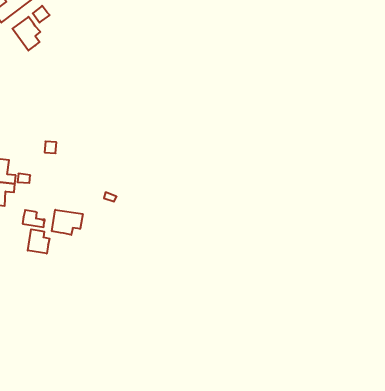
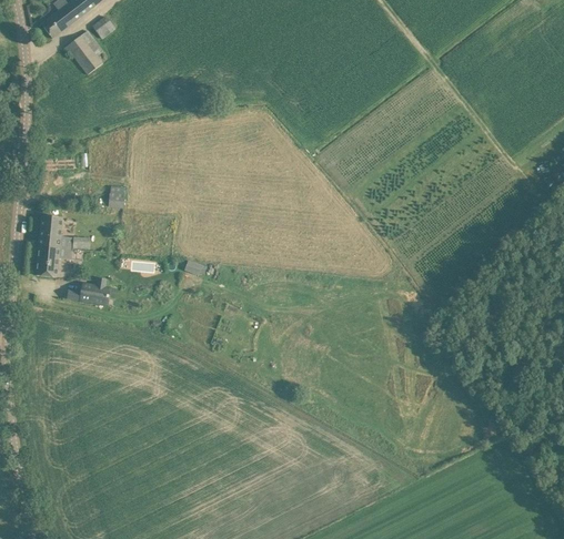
building: [52,210,83,235] -> none
building: [28,229,50,254] -> none

